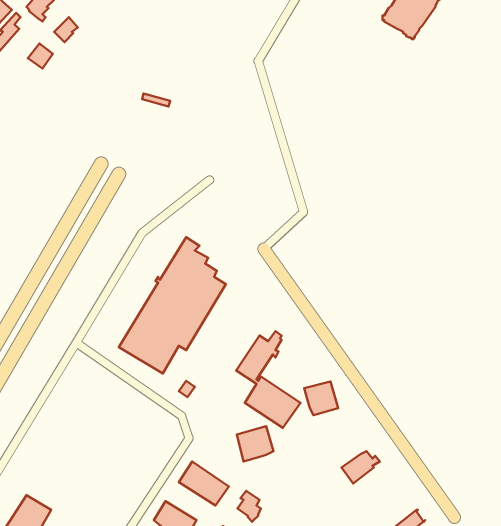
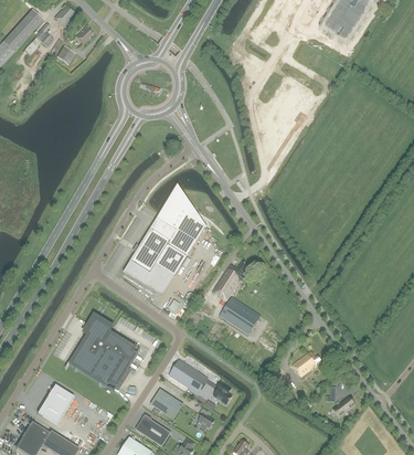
building: [304,381,338,415] -> none
building: none -> [64,320,139,391]
building: [237,426,273,461] -> none

